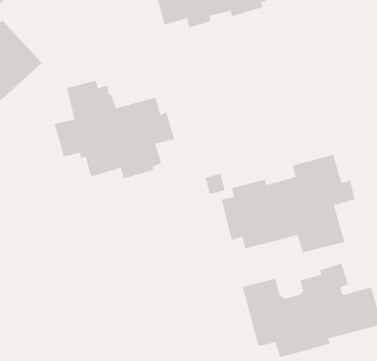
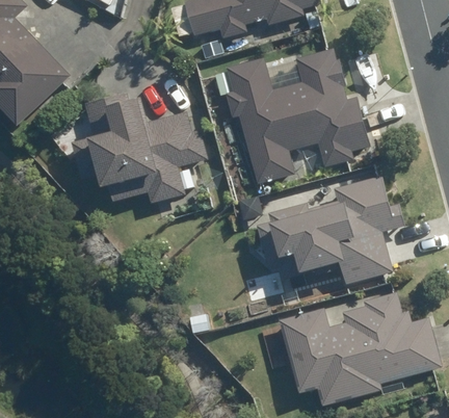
building: none -> [227,49,370,183]

